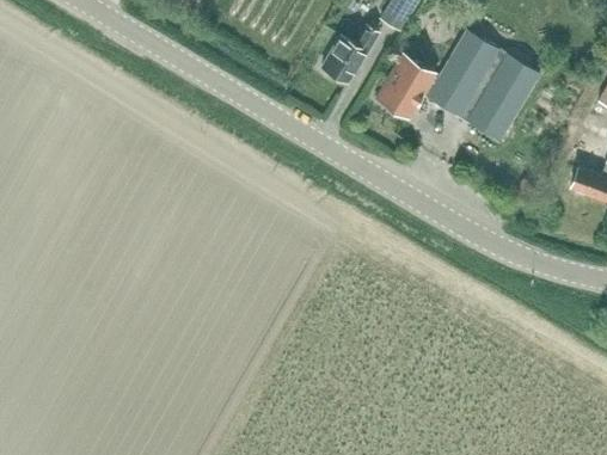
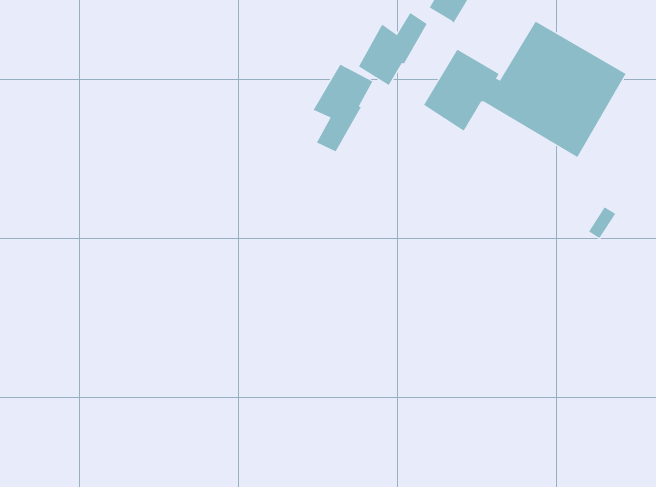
building: none -> [313,64,373,152]

